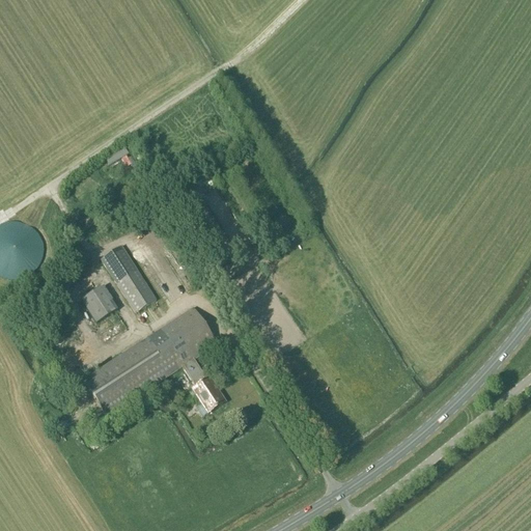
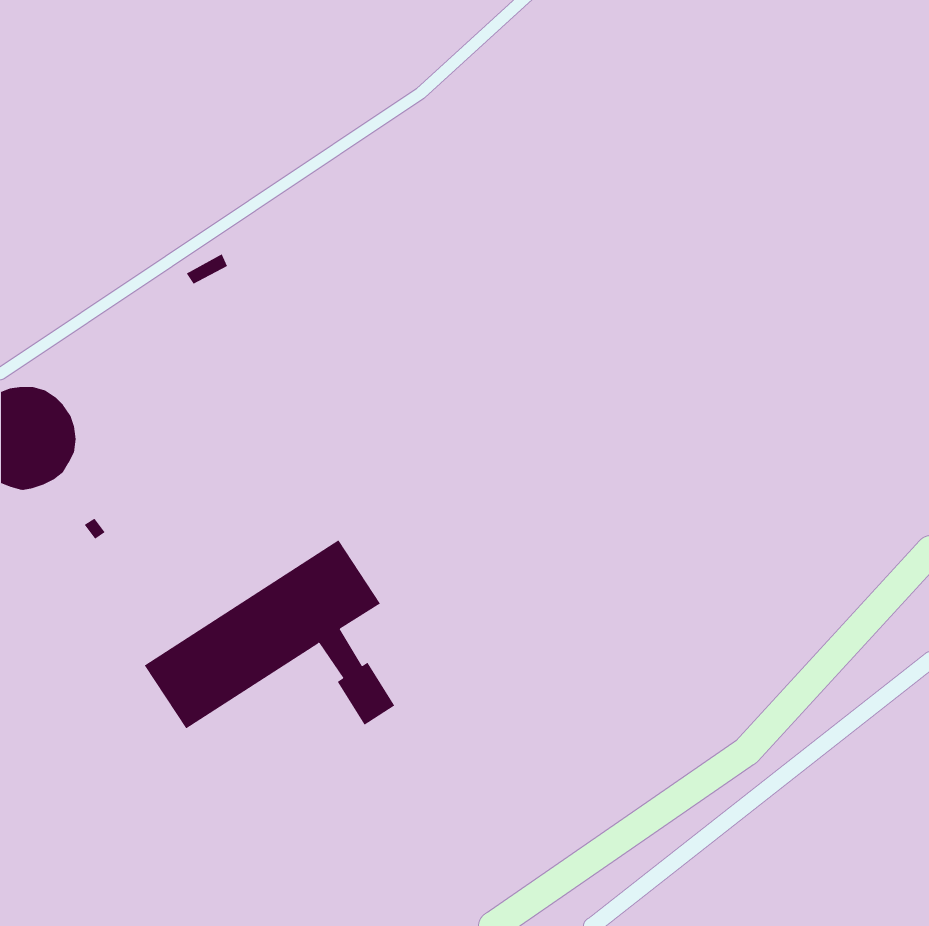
building: [102,245,157,312] -> none
building: [82,285,118,323] -> none

